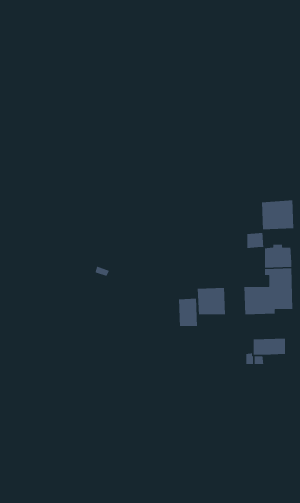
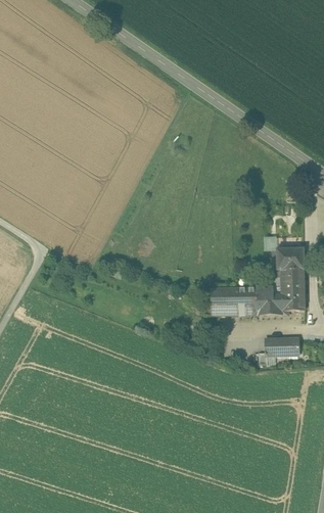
building: [261,199,294,230] -> none
building: [178,298,198,327] -> [238,286,258,315]

